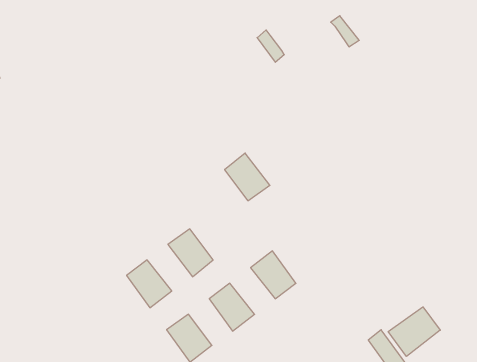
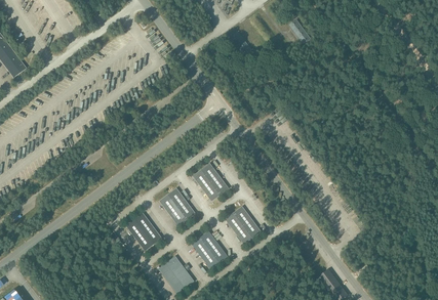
building: [225,153,270,201] -> [193,162,229,200]
building: [388,307,440,356] -> none

